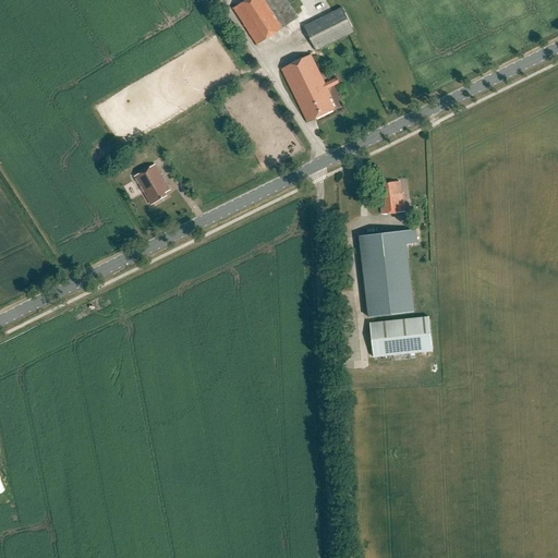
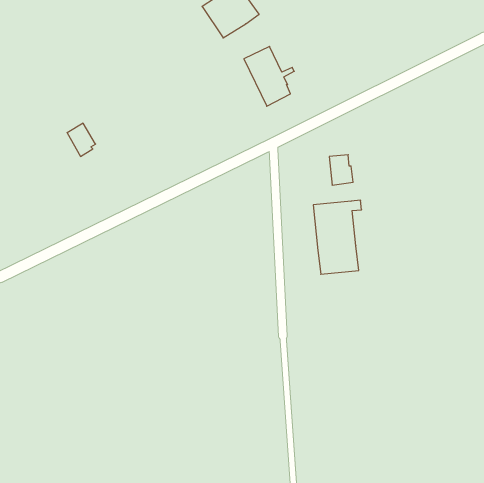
building: [304,7,354,49] -> none
building: [135,165,168,203] -> [67,123,96,156]
building: [369,315,432,356] -> none

